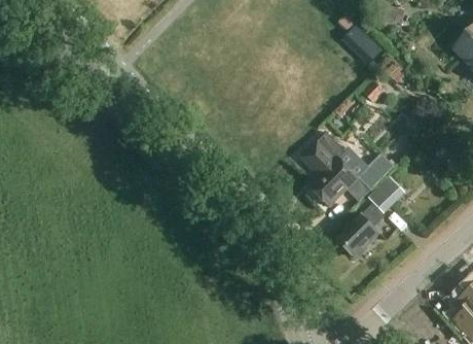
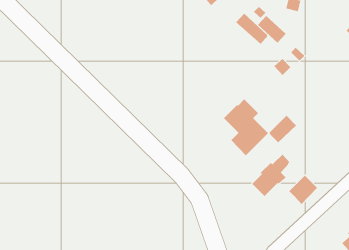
building: none -> [235,13,269,45]
building: [367,174,404,212] -> [288,175,318,205]

